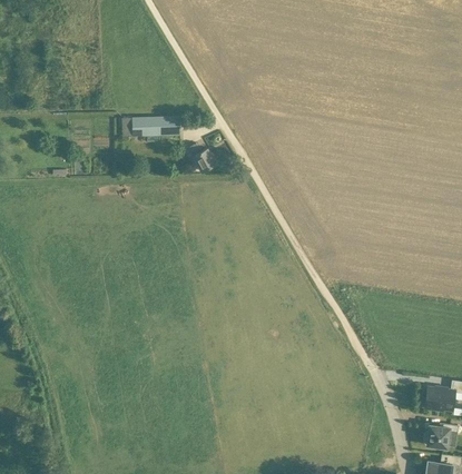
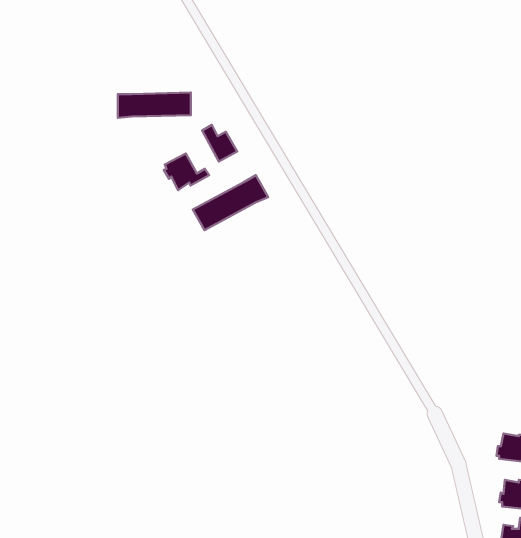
building: none -> [164,154,209,190]
building: none -> [193,175,268,230]

